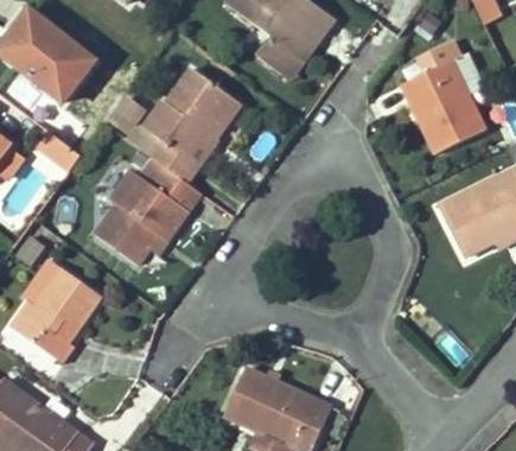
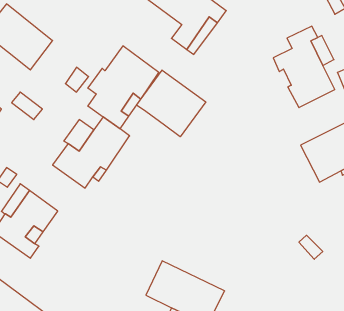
building: none -> [136,70,206,137]

